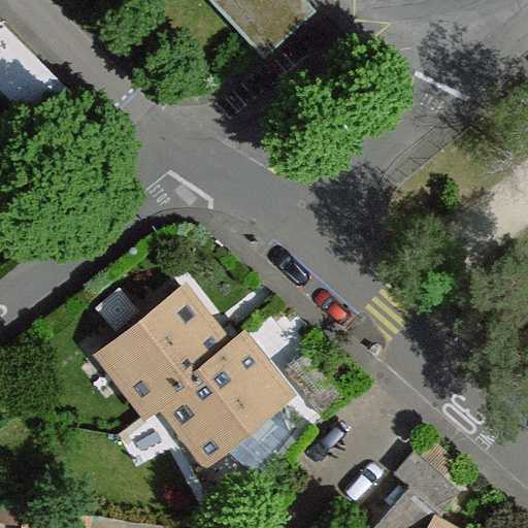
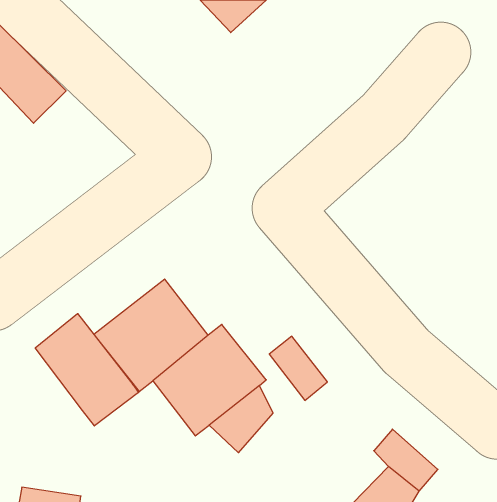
building: none -> [35,314,139,426]

